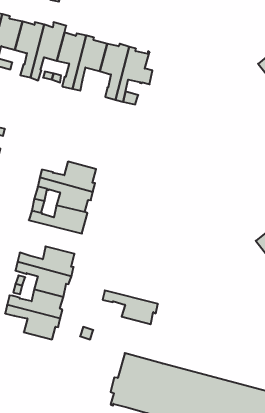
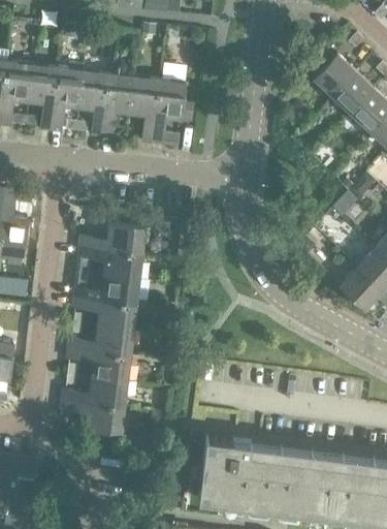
building: [103,290,158,324] -> [71,299,136,331]

